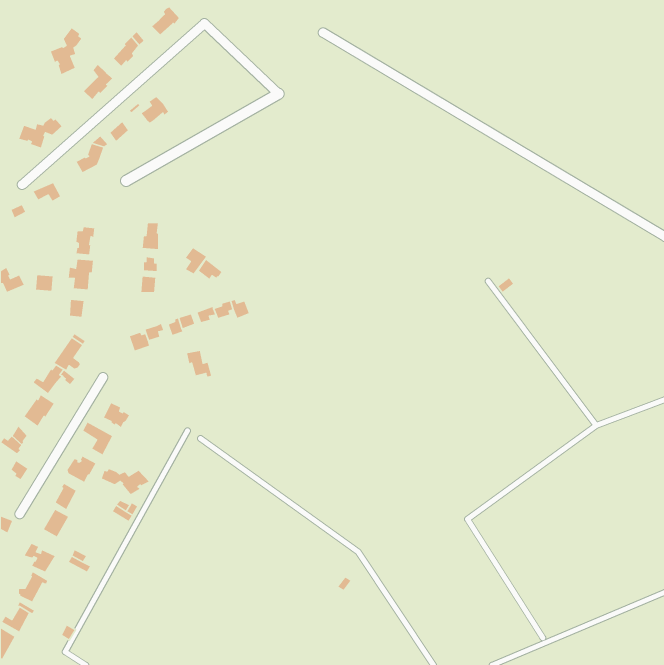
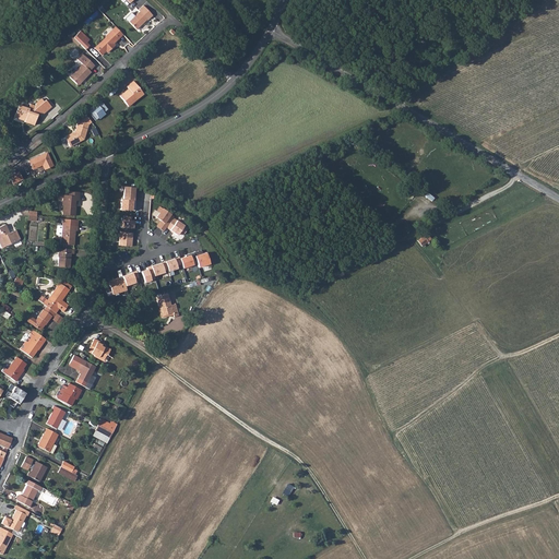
building: [50,27,82,75] -> none
building: [101,468,150,495] -> none

